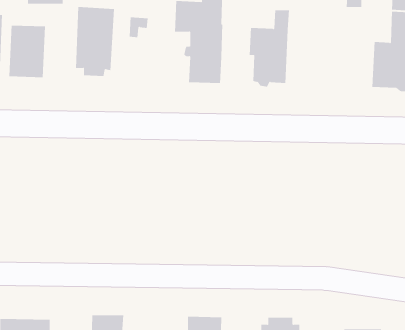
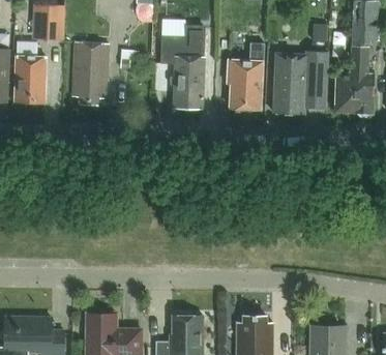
building: none -> [273,50,327,114]

